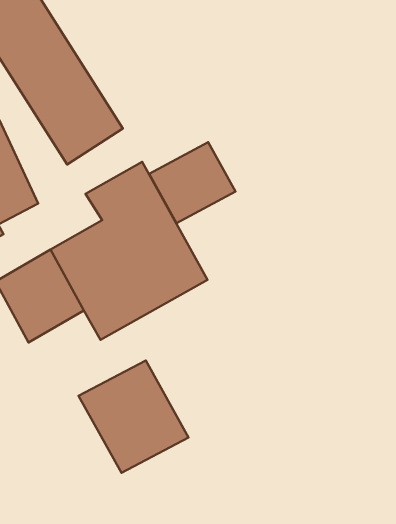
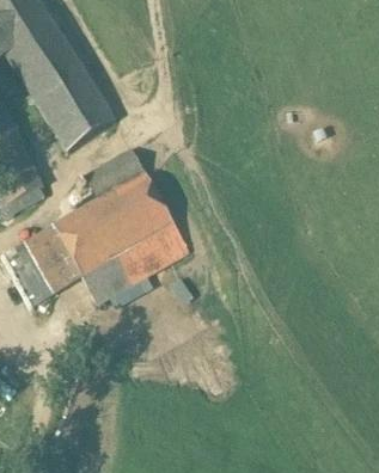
building: [149,142,236,223] -> none
building: [79,360,189,473] -> none

